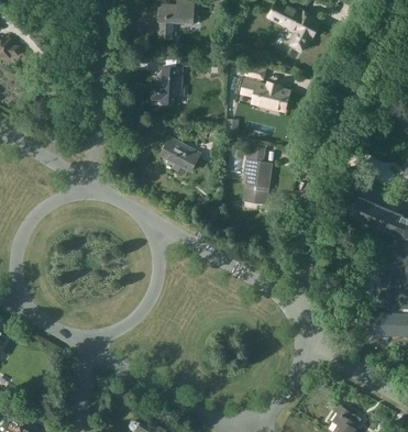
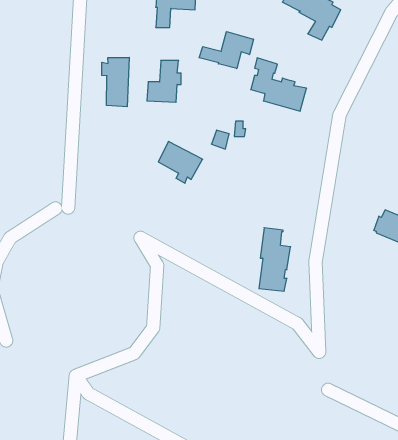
building: none -> [199,32,253,69]
building: none -> [102,57,129,107]
building: [243,147,271,202] -> [259,228,291,291]

